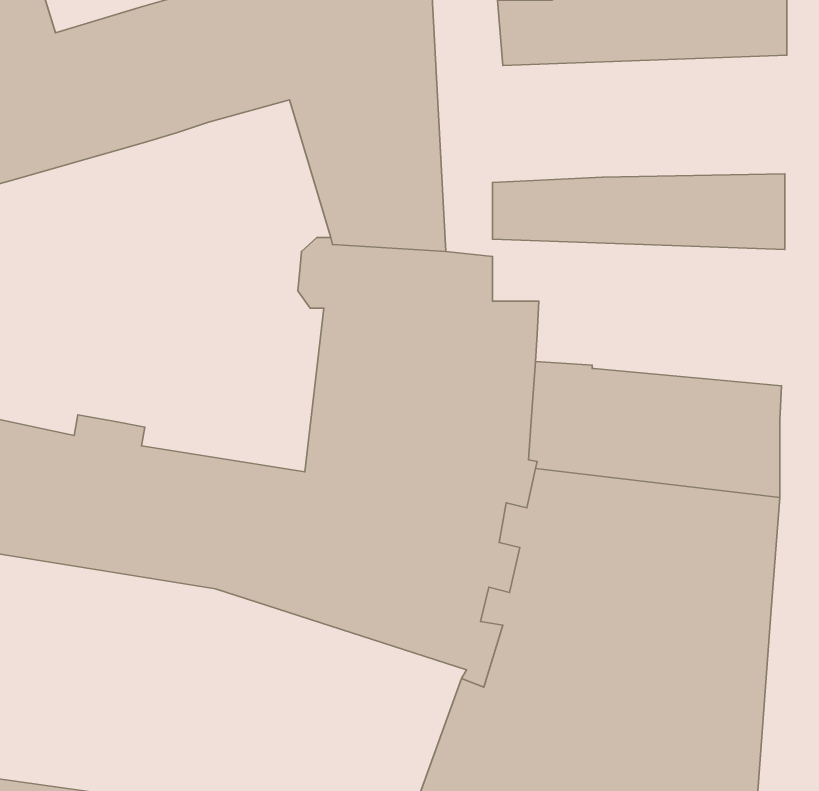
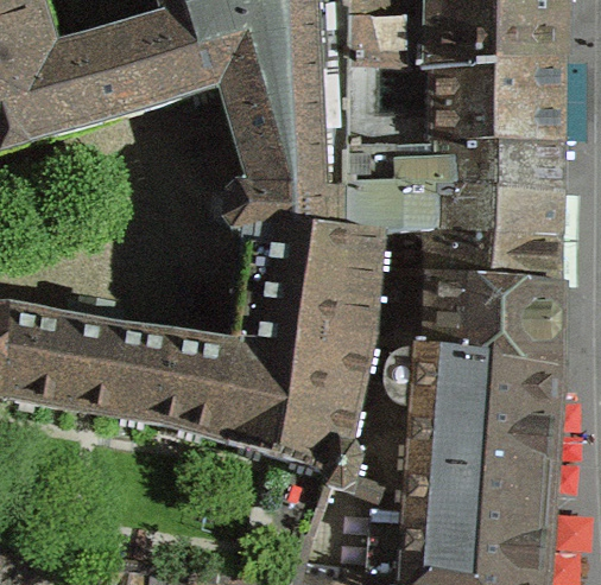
building: none -> [360,53,563,141]
building: none -> [360,180,562,281]

